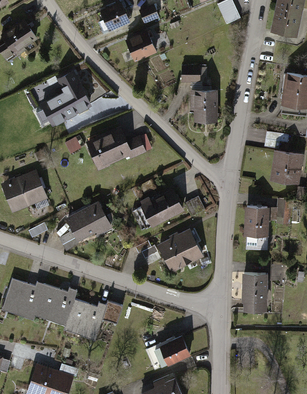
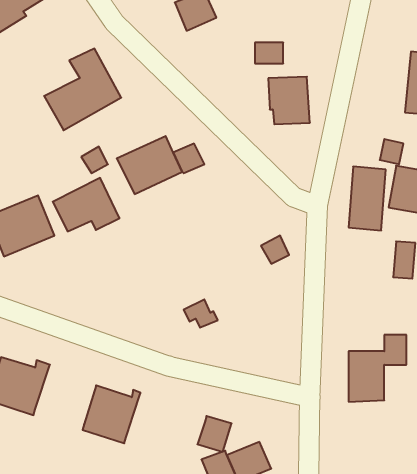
building: [133,187,184,227] -> none
building: [66,201,111,237] -> [53,178,120,231]
building: [243,205,268,248] -> [349,167,386,230]
building: [158,230,203,271] -> none
building: [32,283,76,323] -> none
building: [98,298,121,322] -> [197,416,232,452]

